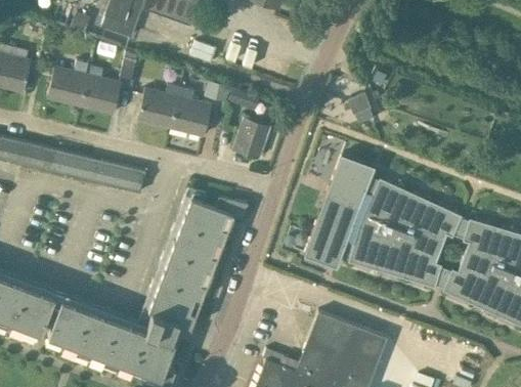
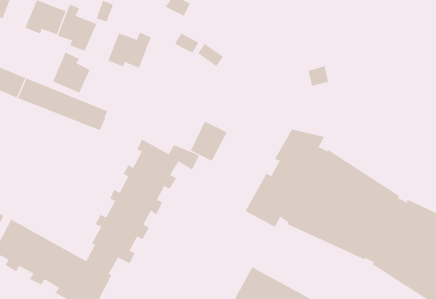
building: [171,89,212,136] -> none
building: none -> [53,52,92,93]
building: [234,118,270,159] -> [190,121,227,162]

